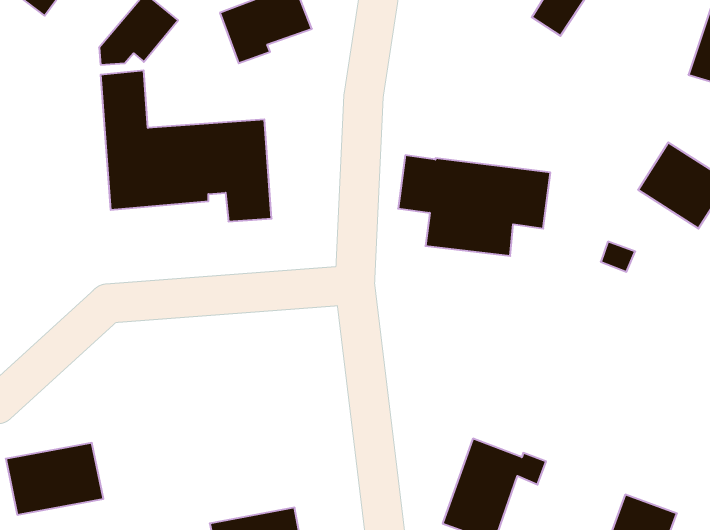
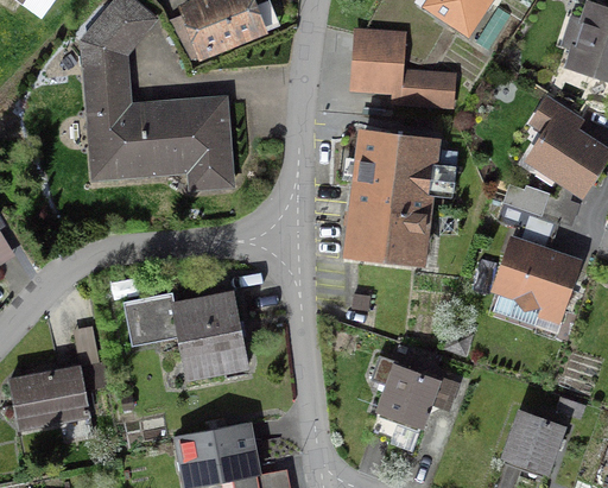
building: none -> [352,31,458,108]
building: none -> [349,205,425,259]
building: none -> [498,242,575,309]
building: none -> [122,292,247,375]

